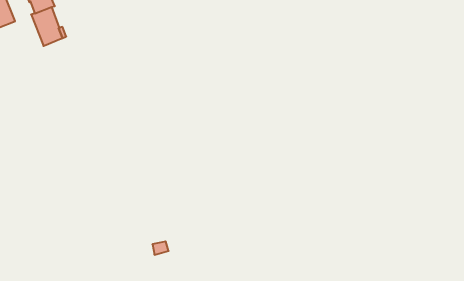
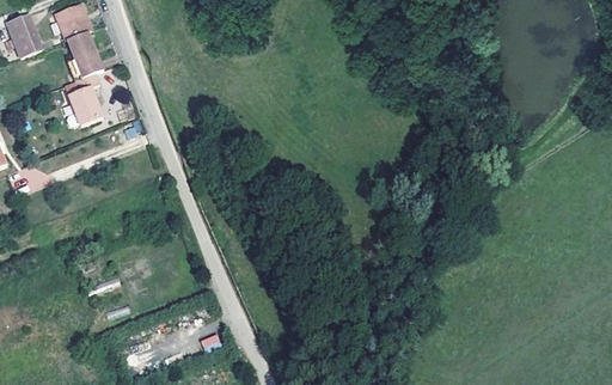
building: none -> [67,74,102,127]

